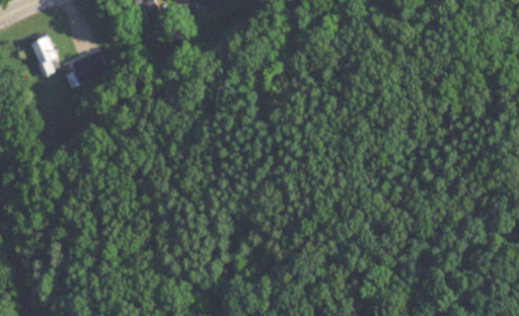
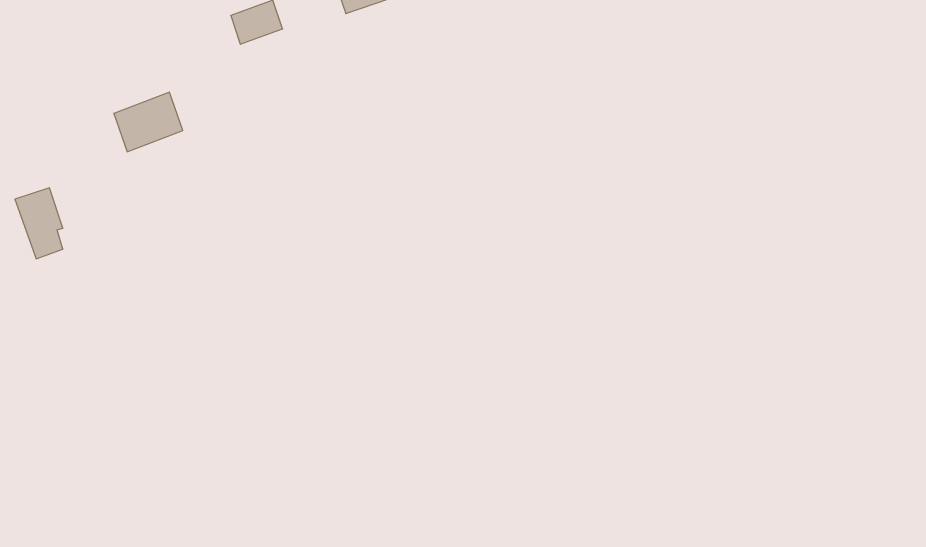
building: [31,36,57,74] -> [15,188,63,259]

